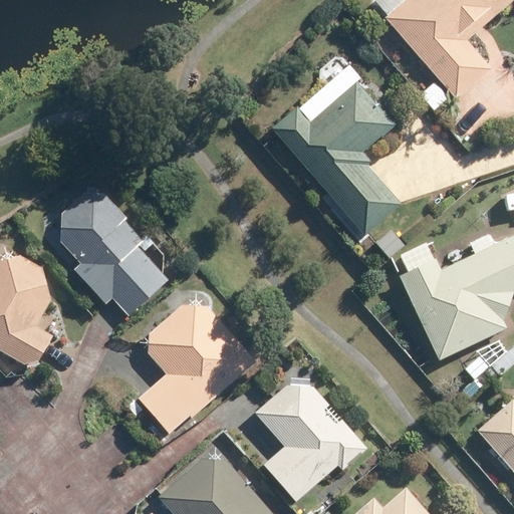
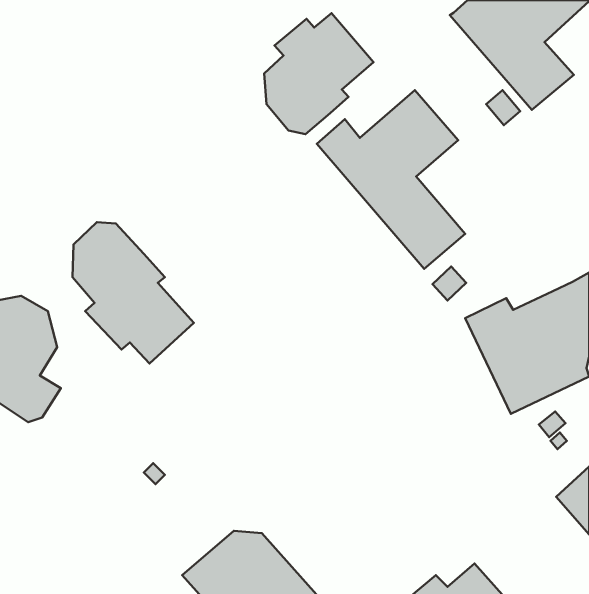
building: none -> [264,13,374,134]
building: [140,303,253,433] -> none
building: [256,383,366,498] -> none

